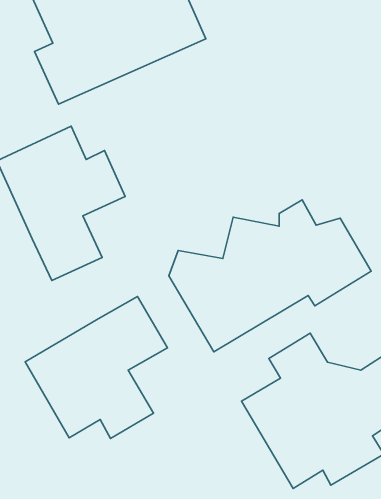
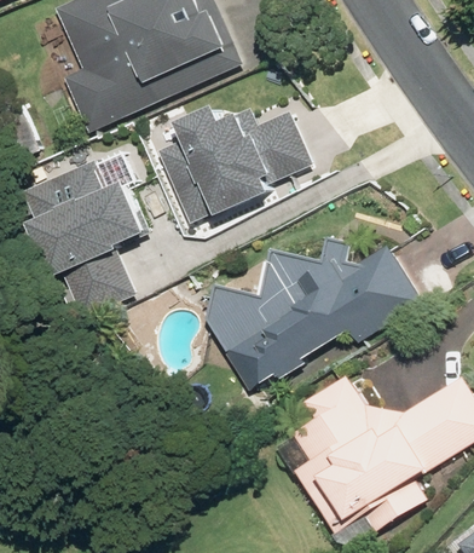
building: none -> [152,98,311,214]
building: [25,297,167,439] -> none

